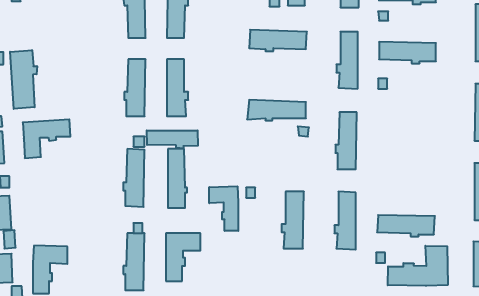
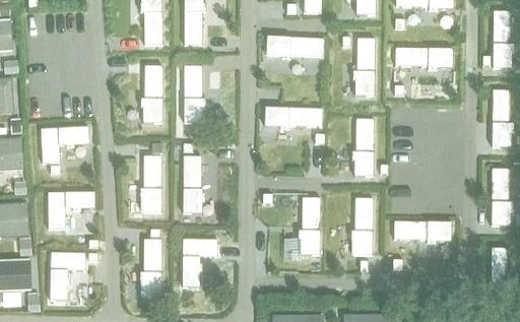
building: [10,50,37,109] -> none
building: [147,130,198,149] -> none
building: none -> [47,192,93,229]
building: [209,186,238,231] -> none
building: [388,246,448,286] -> none

